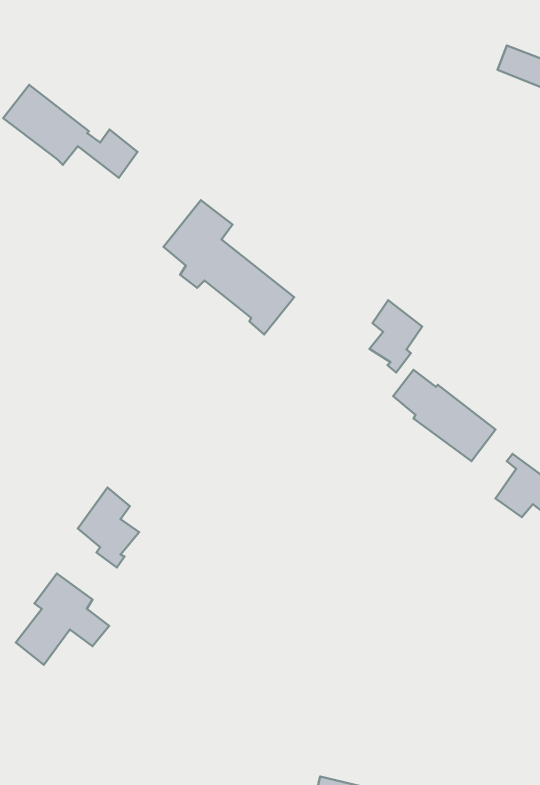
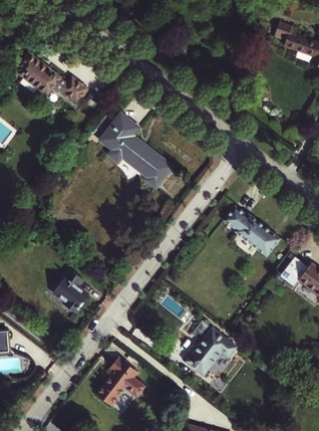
building: [370,300,422,372] -> none
building: [16,574,109,665] -> [96,358,146,407]
building: none -> [186,319,238,374]

